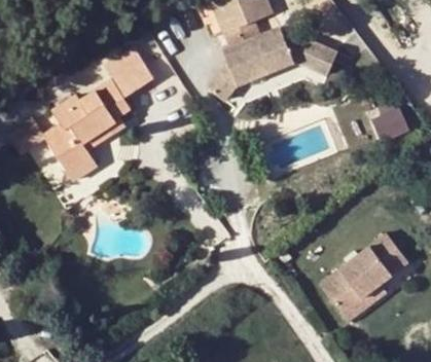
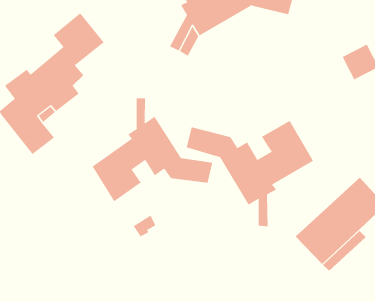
building: none -> [92,98,213,202]
building: none -> [186,120,314,227]

